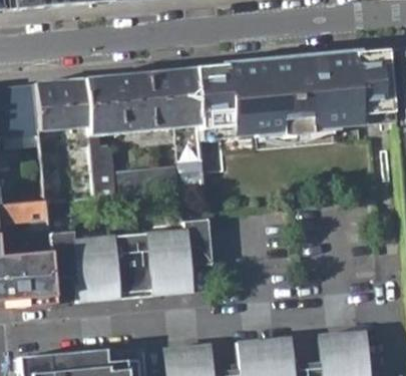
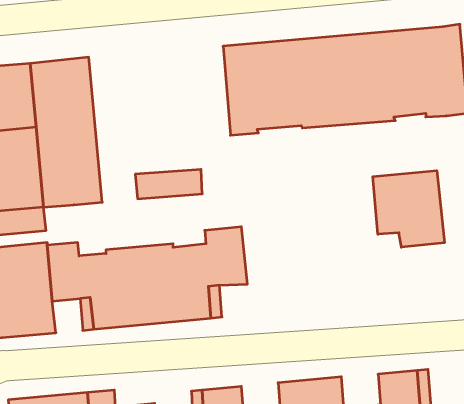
building: [85,67,206,196] -> none
building: none -> [373,171,444,247]

